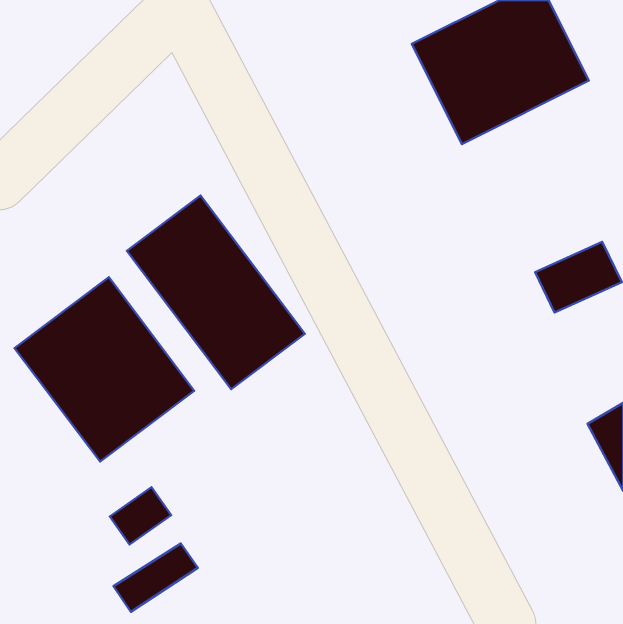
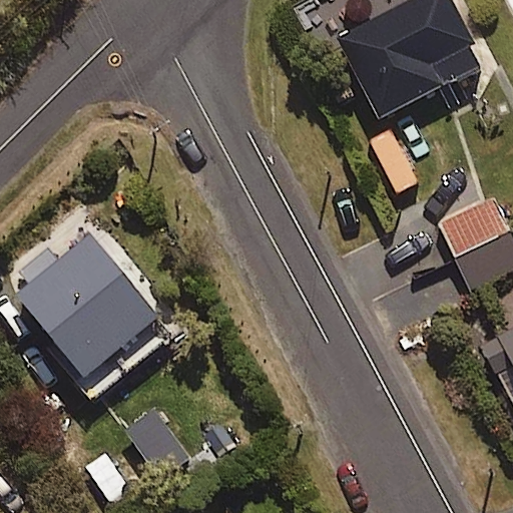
building: [127,195,305,389] -> none

